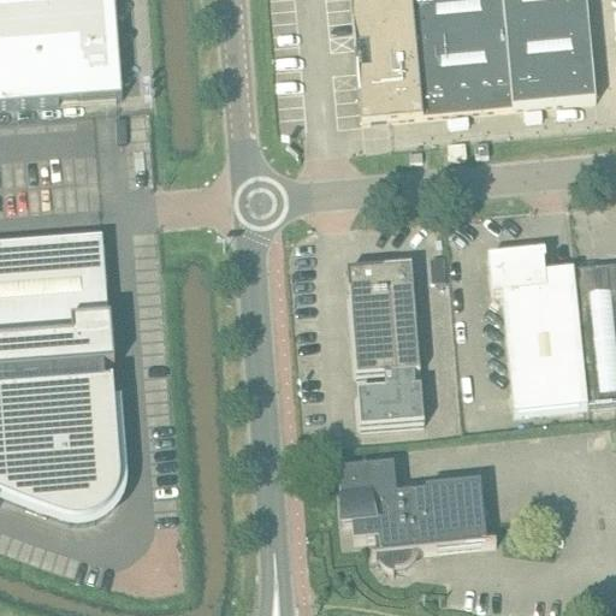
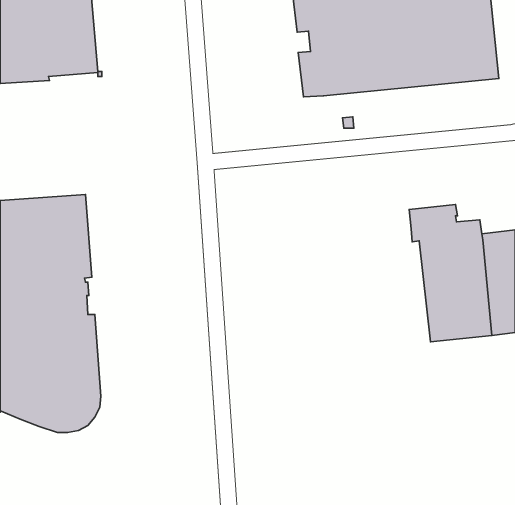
building: [348,260,424,422] -> none
building: [338,458,496,568] -> none

